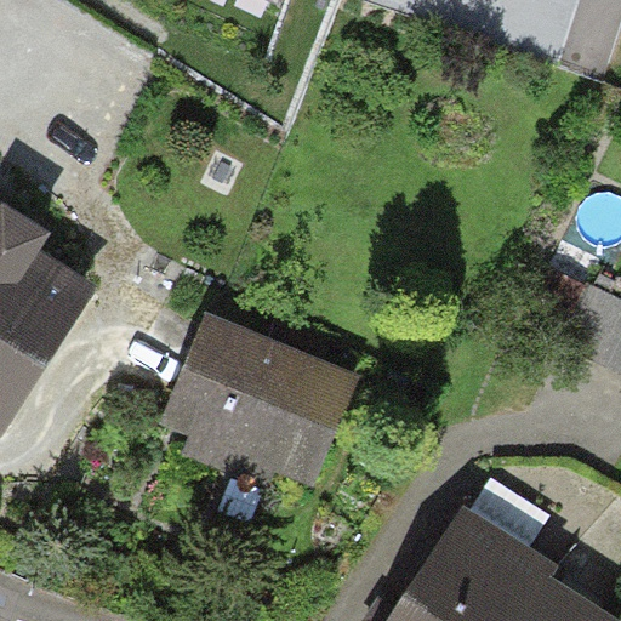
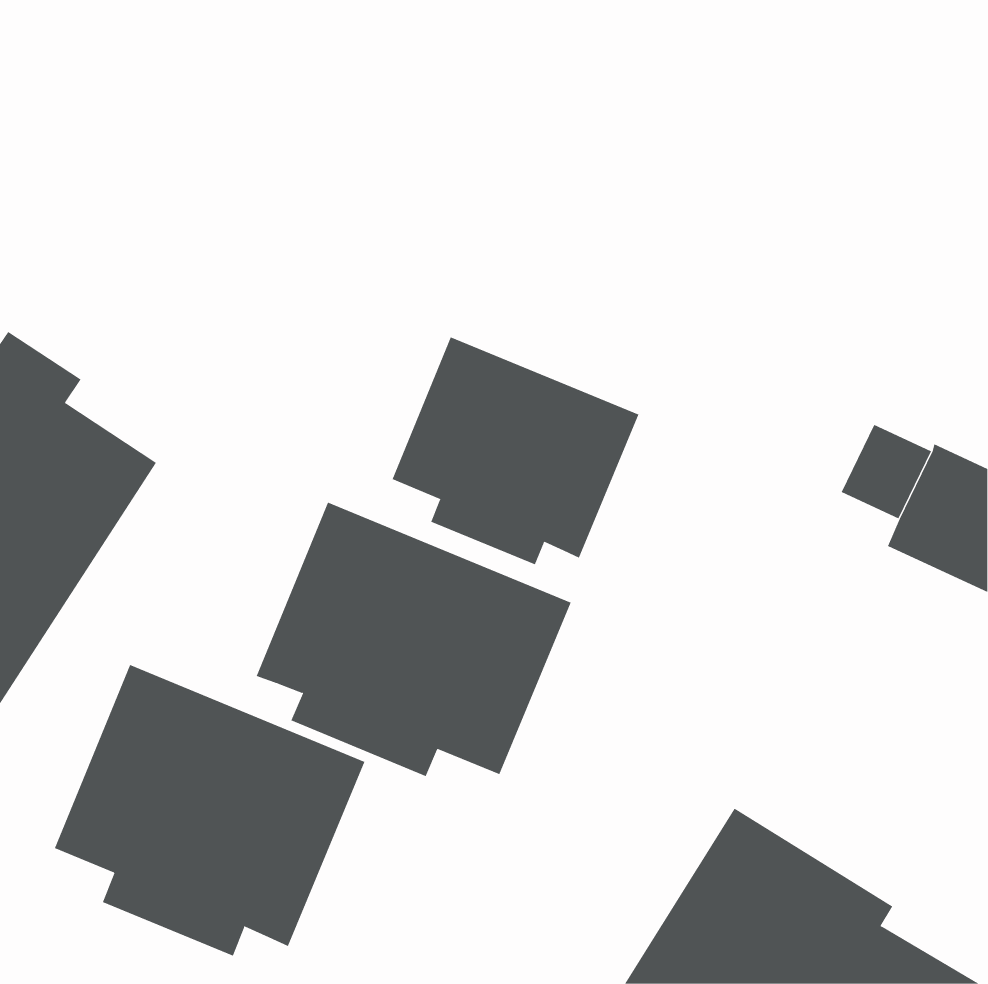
building: none -> [392,336,639,565]
building: none -> [54,664,365,956]

